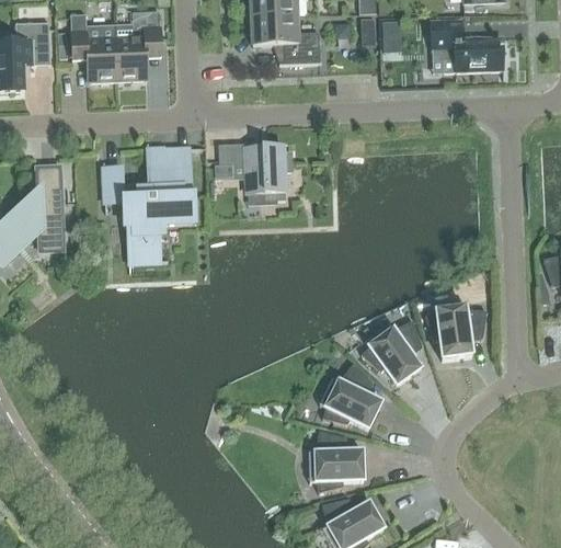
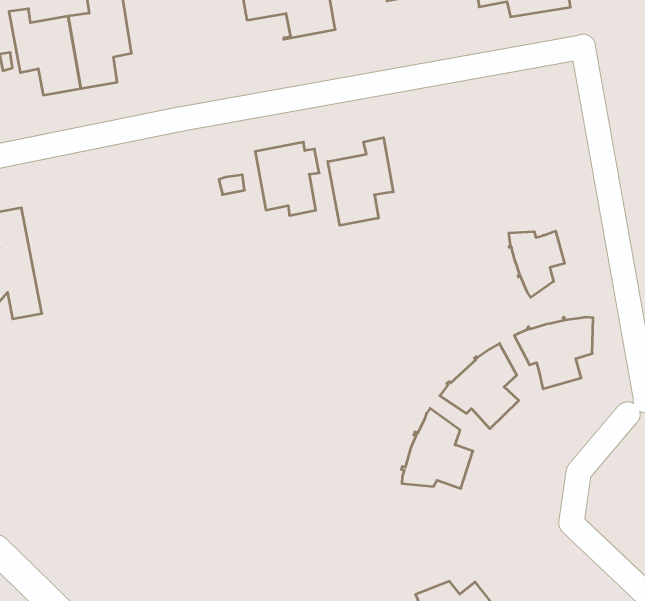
building: [103,142,199,262] -> none
building: none -> [328,138,393,225]
building: none -> [509,231,565,297]
building: [313,430,363,492] -> none

